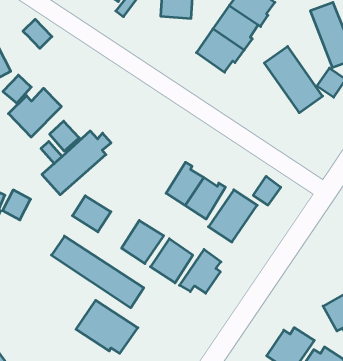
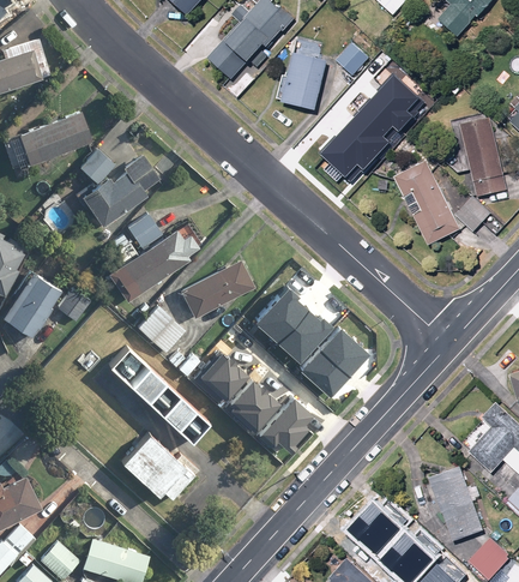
building: [23,19,52,48] -> [126,154,159,190]
building: none -> [181,258,254,316]
building: [253,176,281,205] -> none

